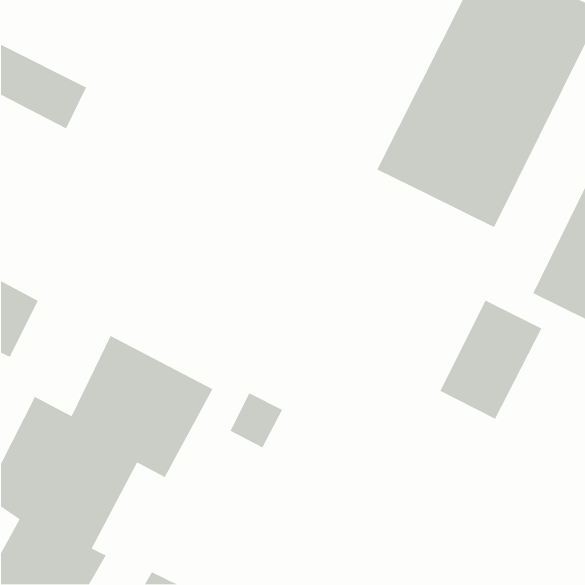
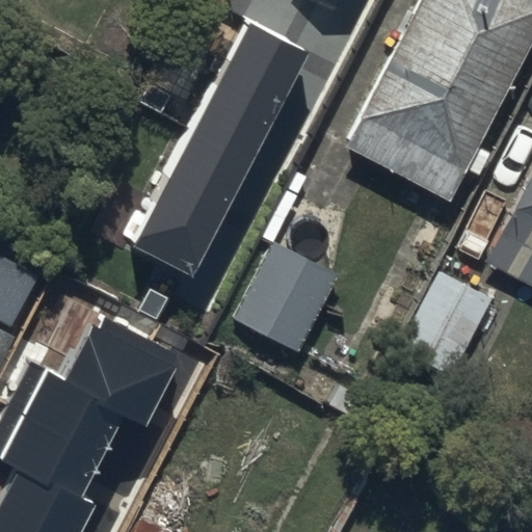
building: none -> [126,16,310,269]
building: none -> [238,245,341,354]

